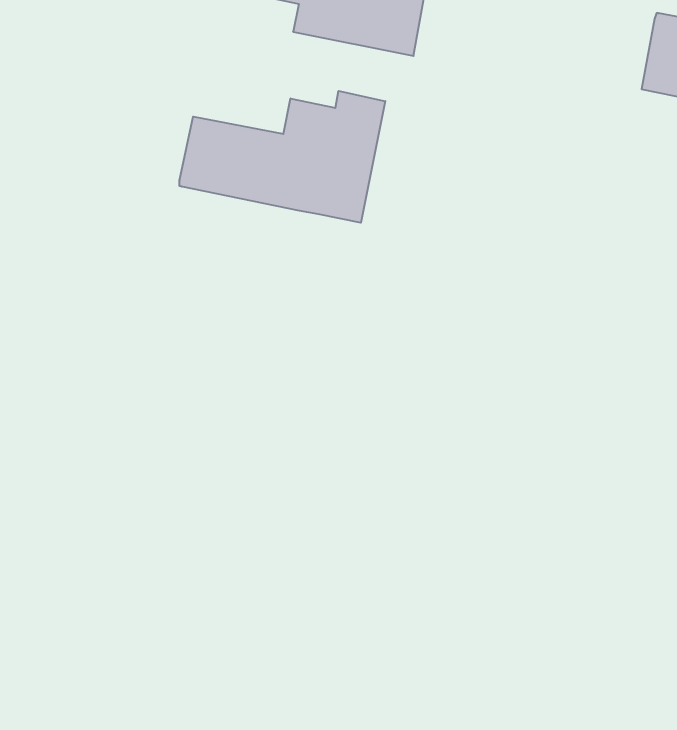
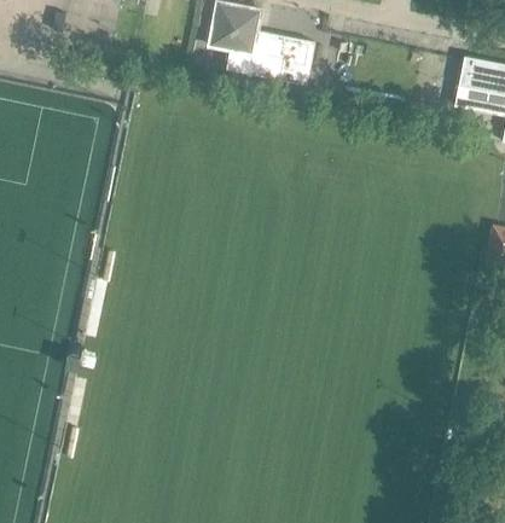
building: [179,91,385,223] -> none

